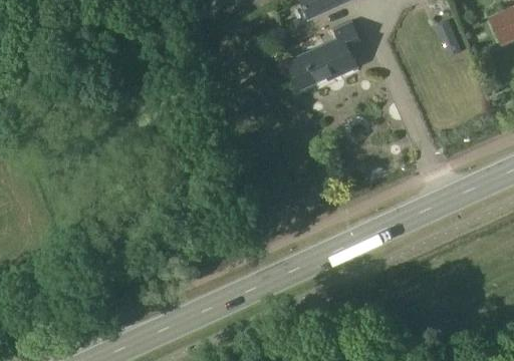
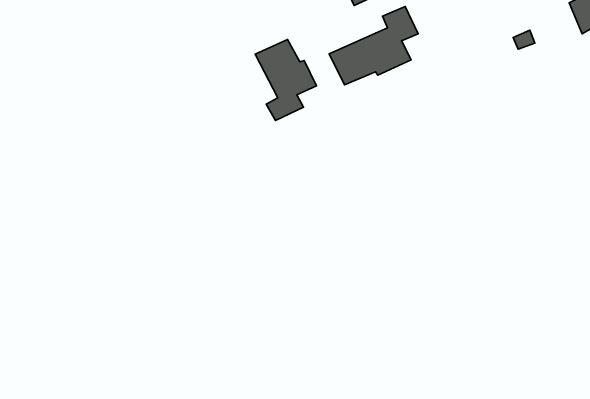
building: none -> [255,39,317,120]

